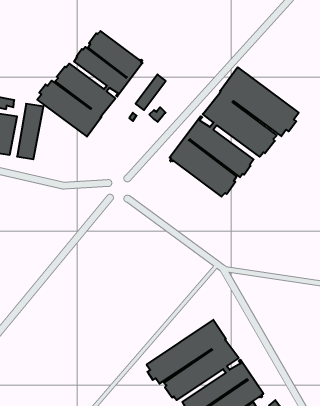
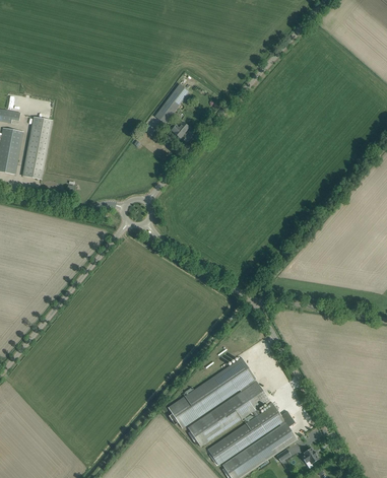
building: [37,31,143,137] -> none
building: [170,67,299,197] -> none

